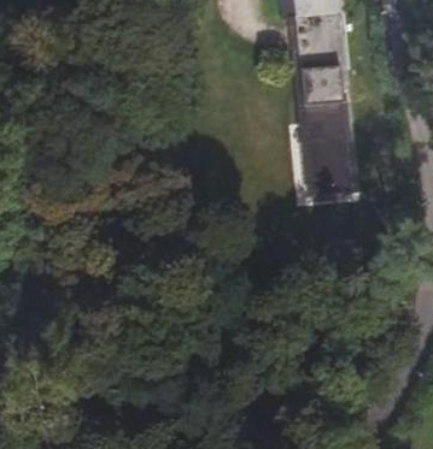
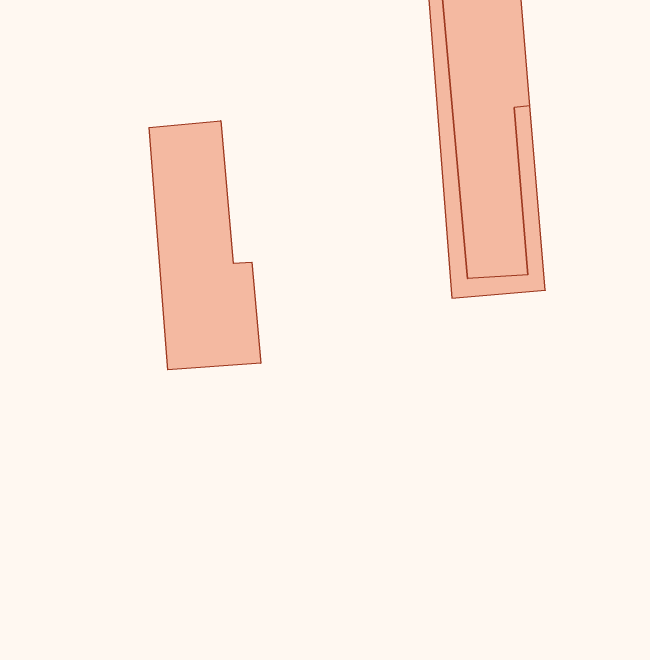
building: none -> [149,121,261,370]

